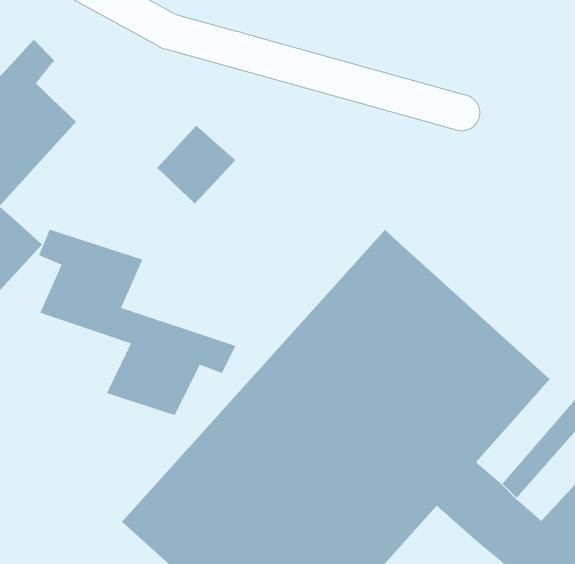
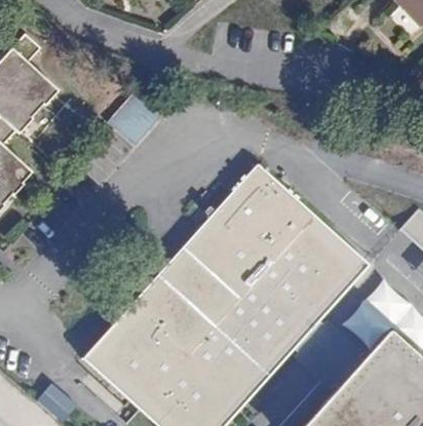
building: [38,229,236,416] -> none

